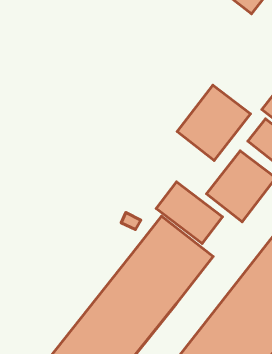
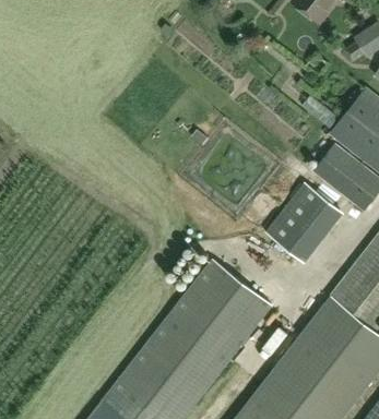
building: [177,85,251,160] -> none
building: [156,182,222,243] -> none

